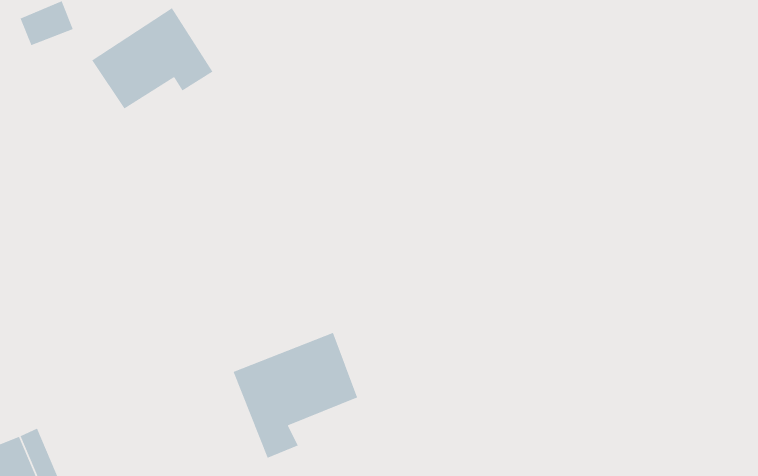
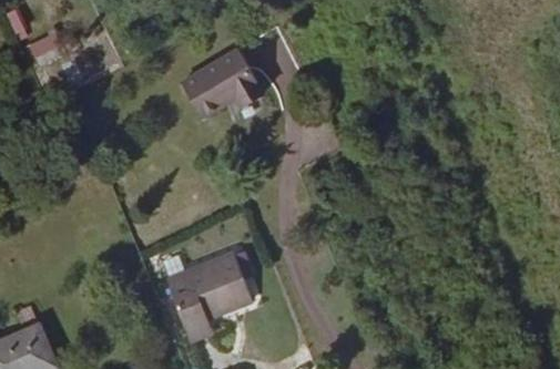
building: [91,7,214,110] -> [181,49,263,117]

